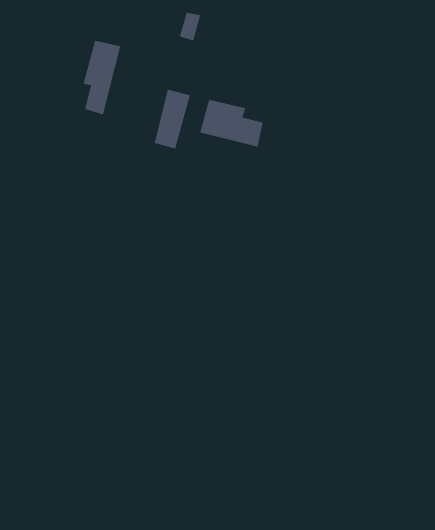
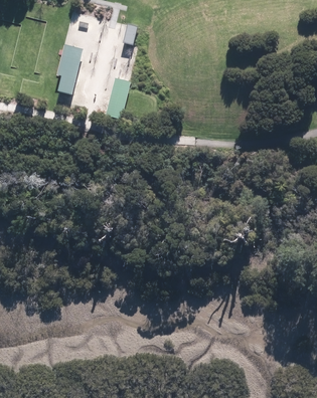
building: [199,99,264,147] -> none

